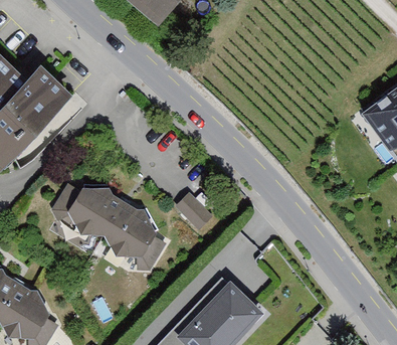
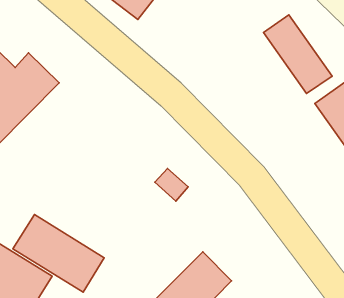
building: none -> [264,15,332,94]
building: [58,178,160,265] -> [13,214,104,292]

